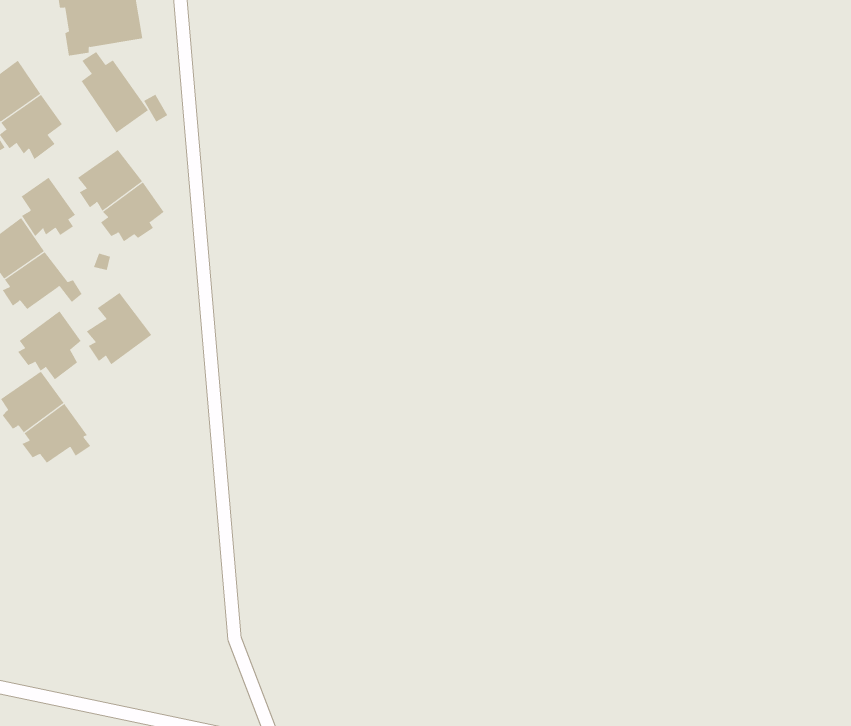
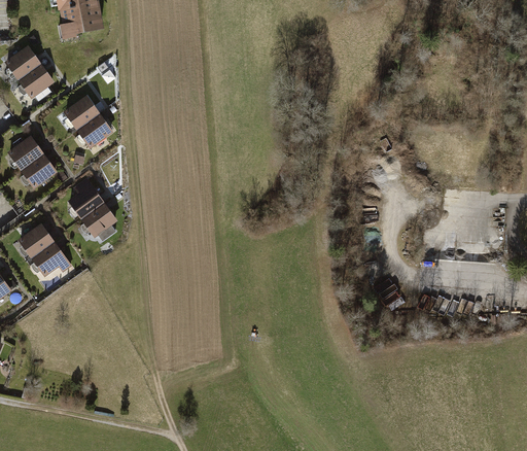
building: [81,51,149,134] -> none
building: [21,177,76,237] -> none
building: [17,311,81,380] -> [81,201,118,241]

